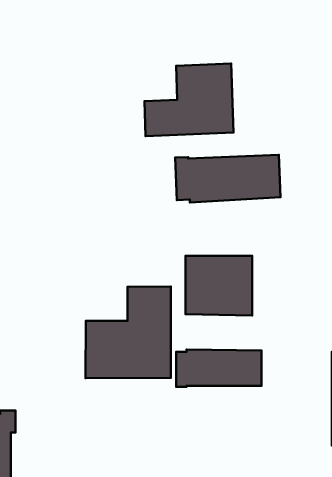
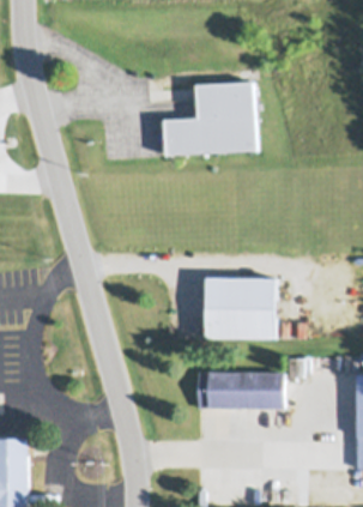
building: [175,155,281,202] -> none
building: [86,286,171,378] -> none

